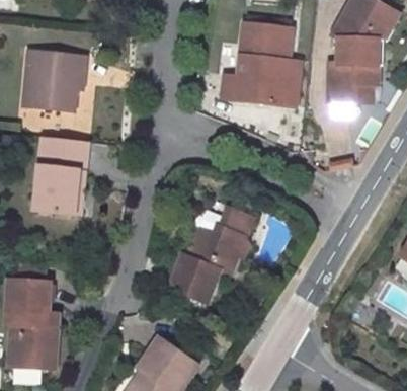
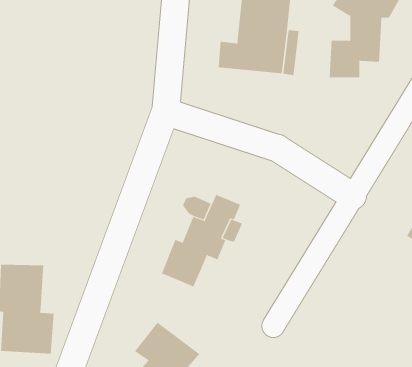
building: [25,52,85,116] -> none
building: [35,133,89,212] -> none

